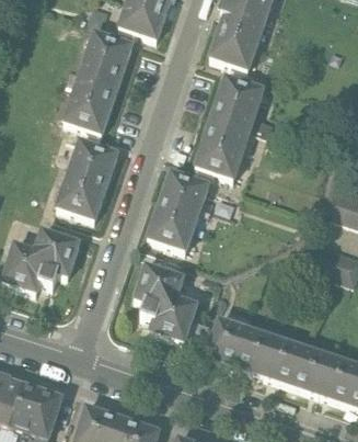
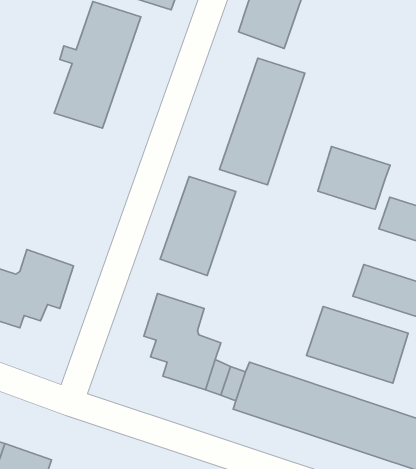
building: [57,139,118,219] -> none
building: none -> [318,147,390,209]
building: none -> [306,307,408,383]

